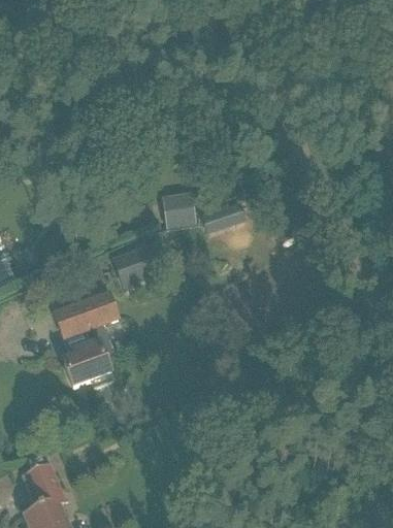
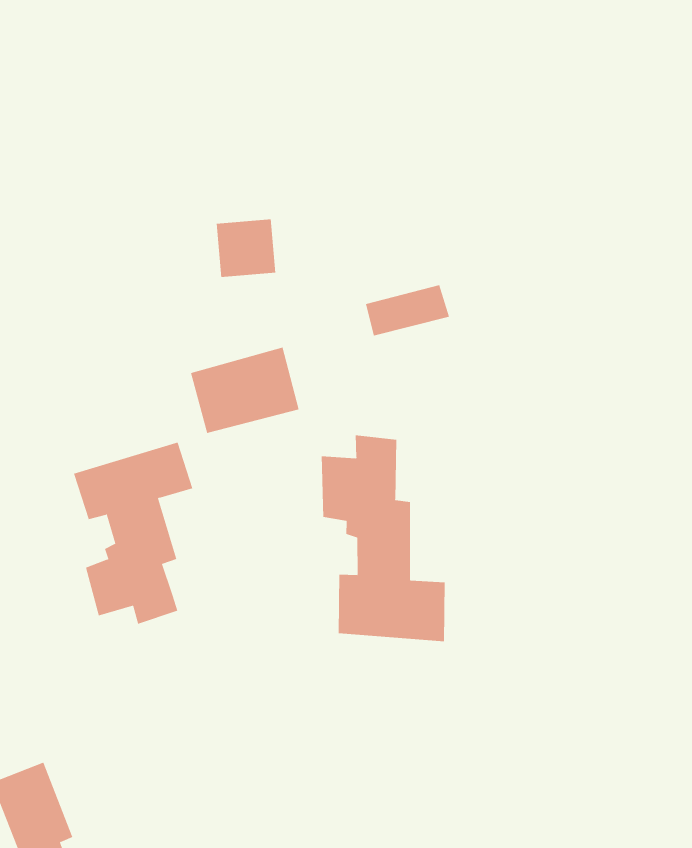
building: [162,194,195,226] -> [216,219,276,278]
building: none -> [321,435,445,642]

